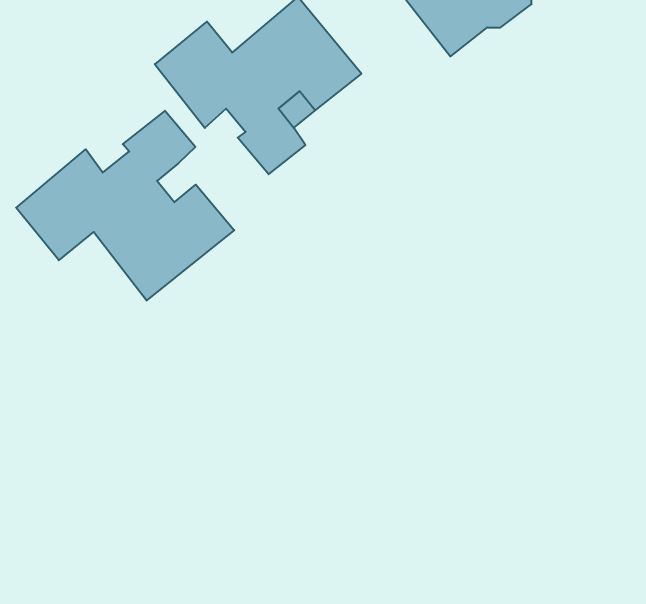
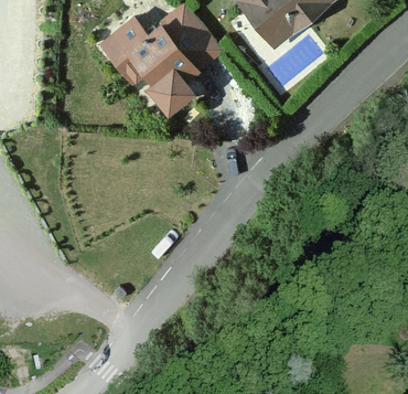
building: [16,111,234,301] -> none

